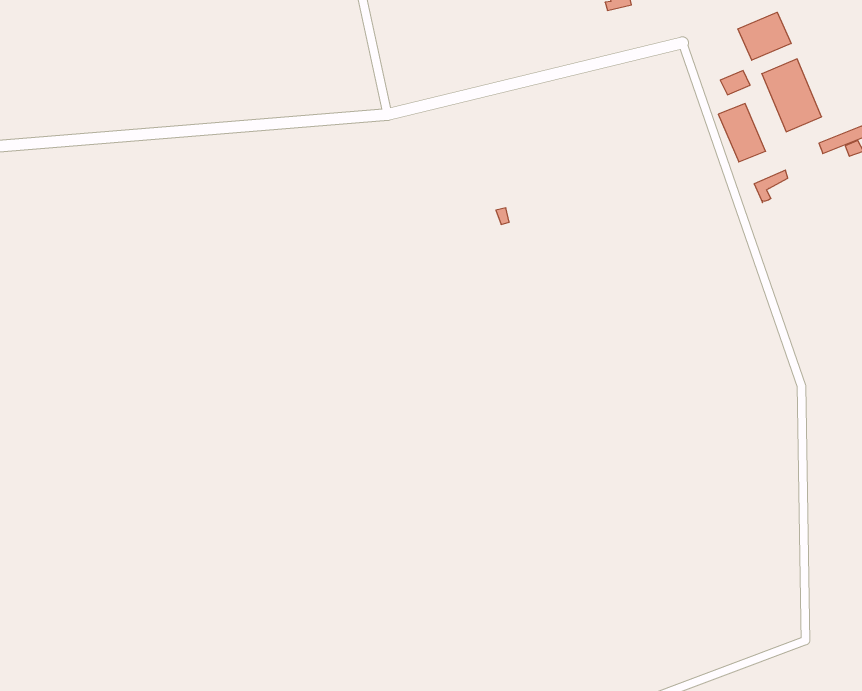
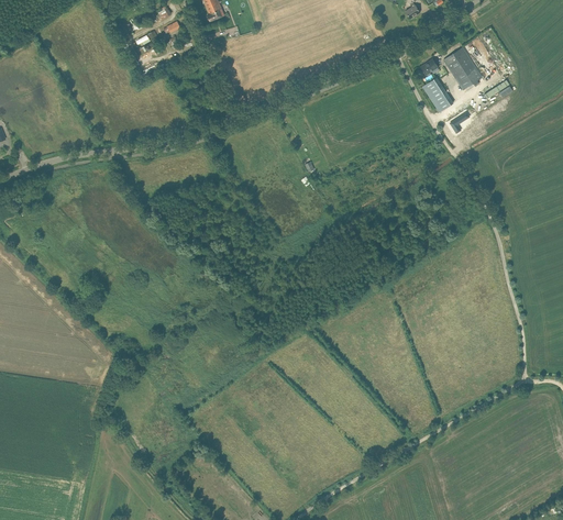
building: [738,12,791,60] -> none

